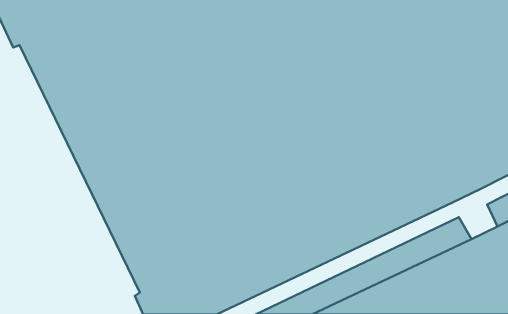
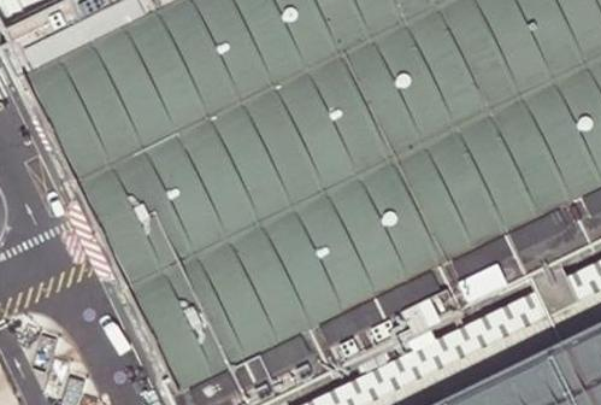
building: none -> [534,258,585,316]

